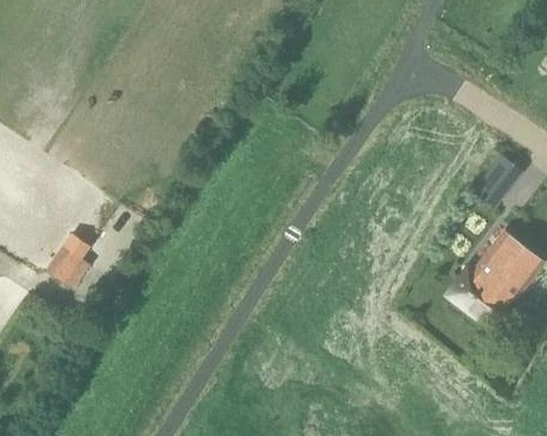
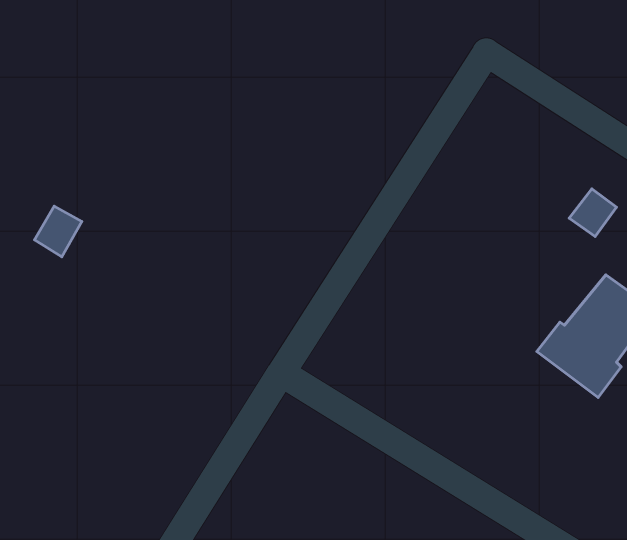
building: [49,235,87,275] -> [34,206,82,257]

